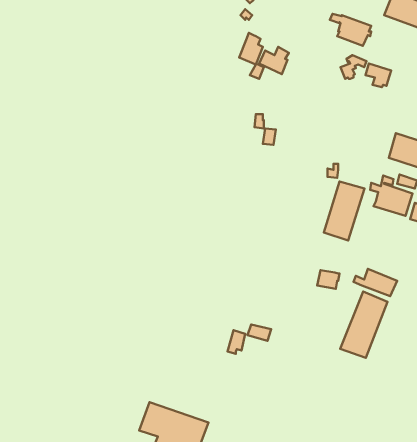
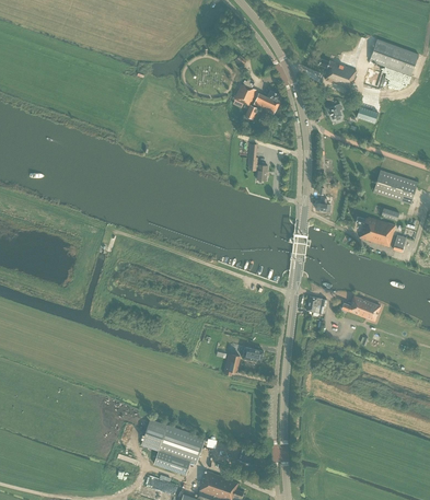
building: [324,181,365,241] -> none
building: [340,292,388,358] -> none

